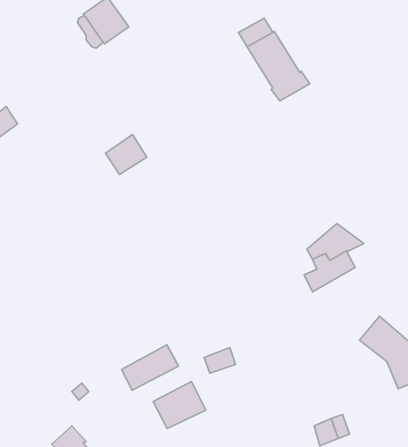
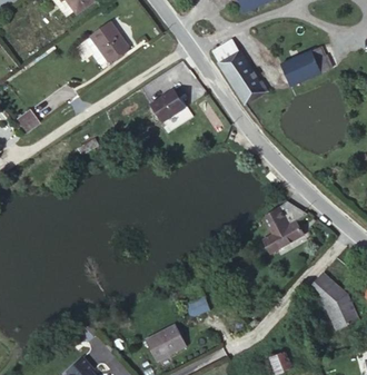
building: none -> [281,47,328,83]
building: [105,135,147,174] -> [151,89,183,120]
building: [122,345,179,390] -> none

